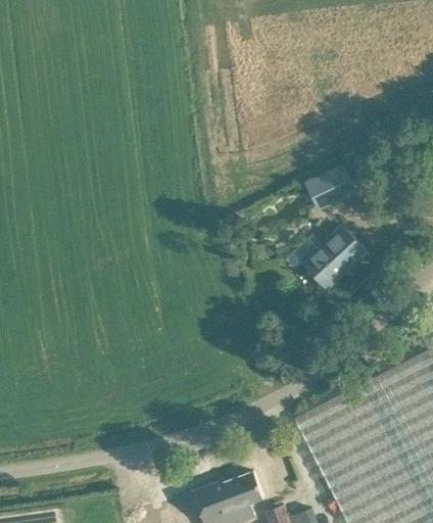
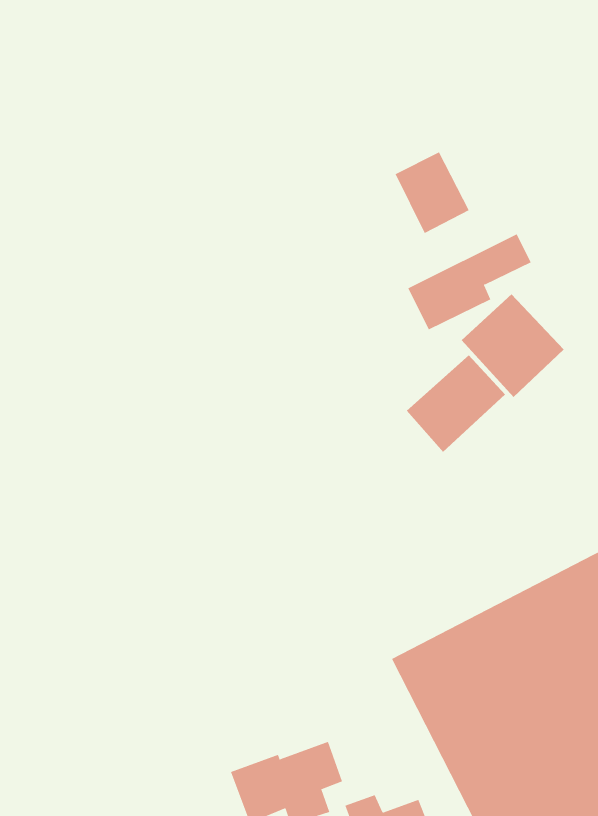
building: none -> [395,152,470,234]
building: none -> [461,293,565,398]

